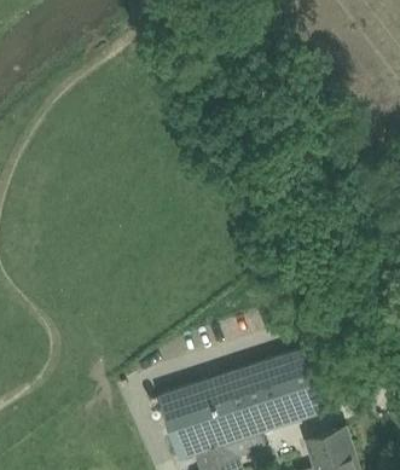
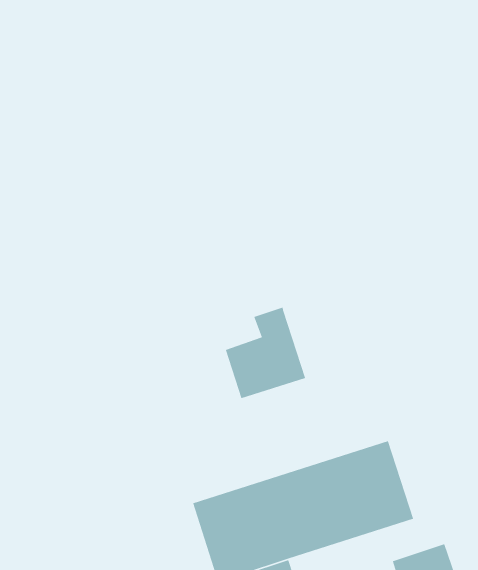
building: none -> [225,306,306,399]

